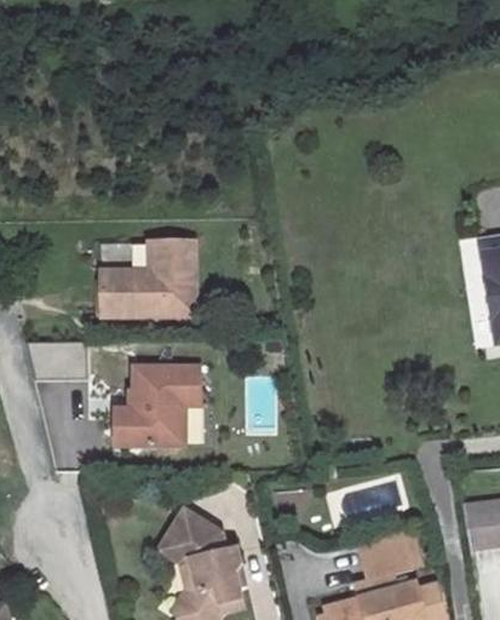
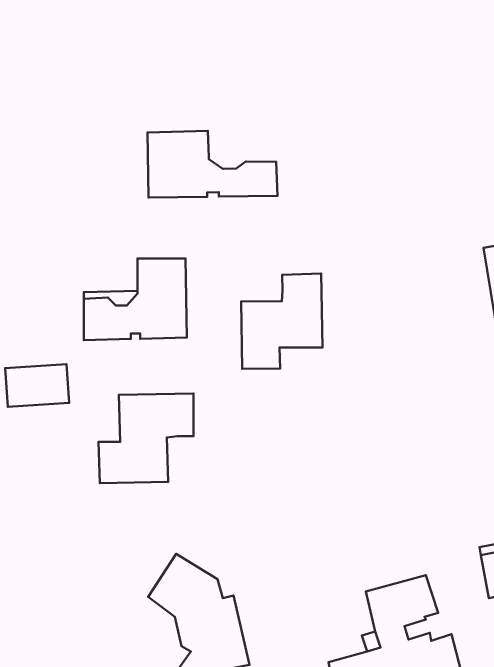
building: none -> [148,131,278,197]
building: none -> [241,274,322,369]

